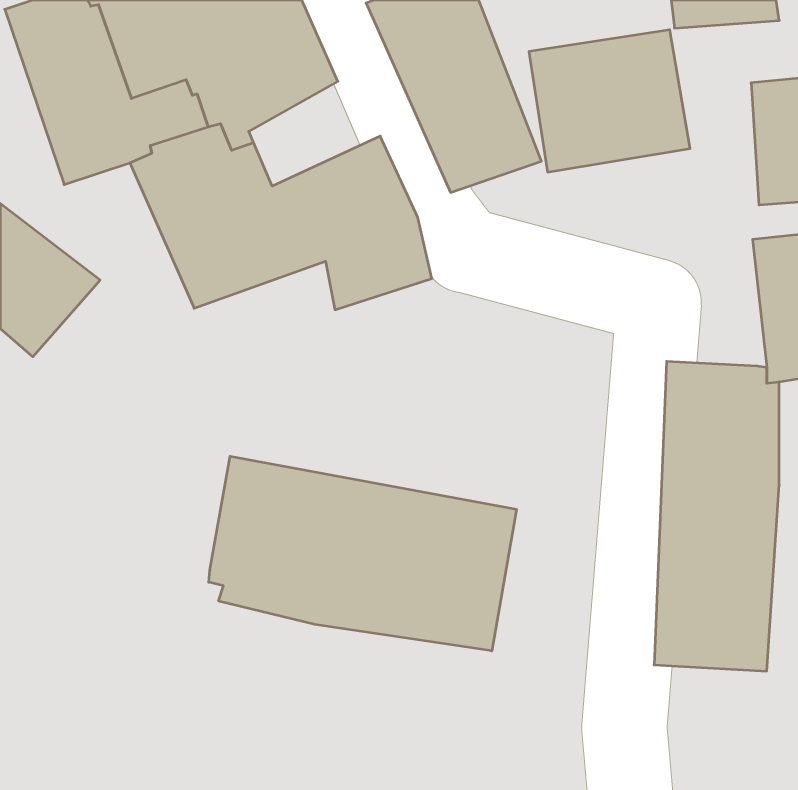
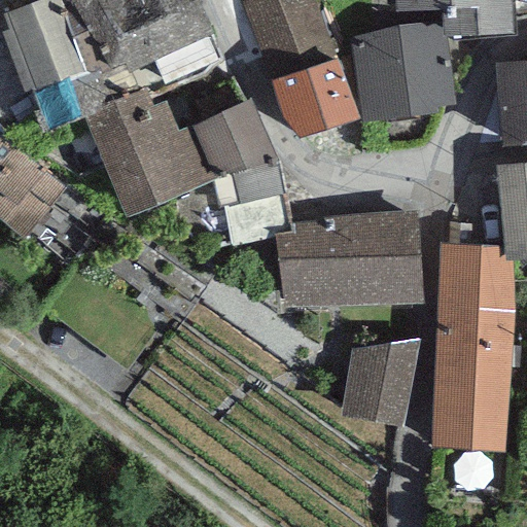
building: none -> [276,212,422,311]
building: [209,456,516,651] -> none
building: none -> [345,343,418,426]

